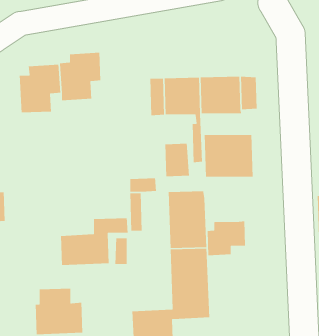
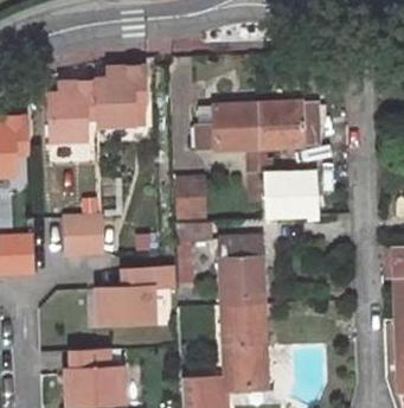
building: [165,143,190,177] -> [174,173,204,213]
building: none -> [63,216,101,253]
building: [207,221,246,256] -> none

